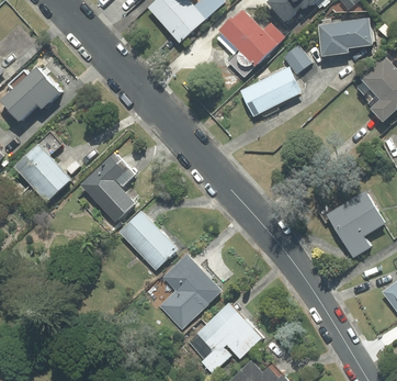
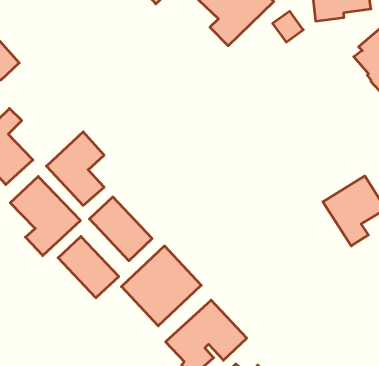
building: [241,68,299,116] -> none
building: none -> [10,176,80,256]
building: none -> [58,236,119,298]

